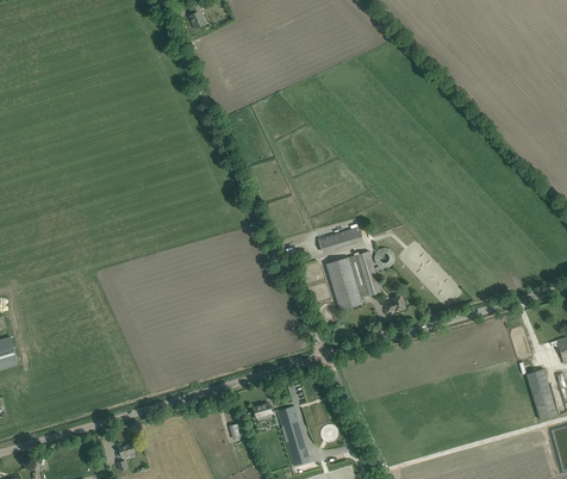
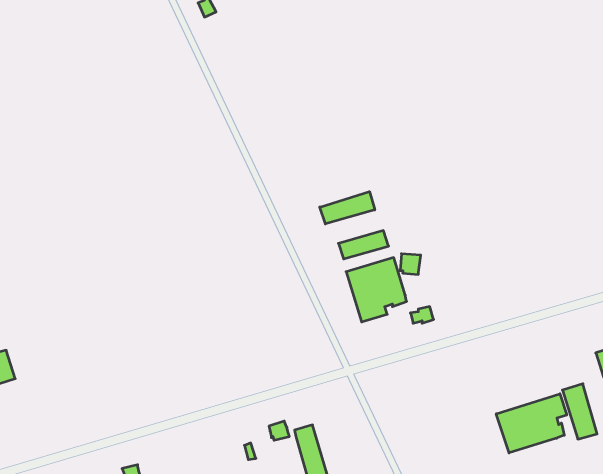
building: none -> [320,192,375,224]
building: none -> [496,394,567,453]

